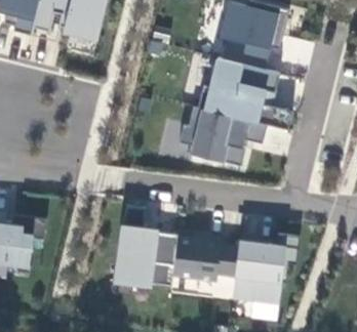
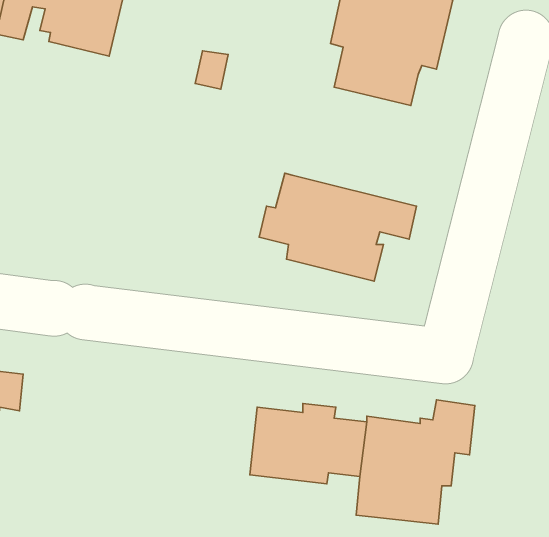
building: [198,57,293,129] -> none
building: [115,205,180,286] -> none

